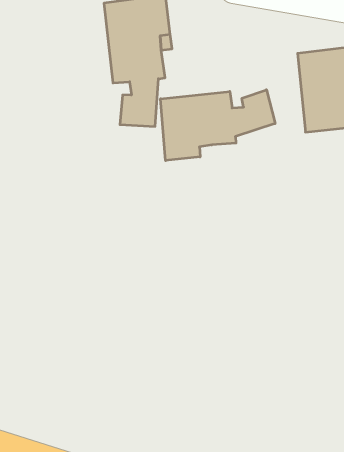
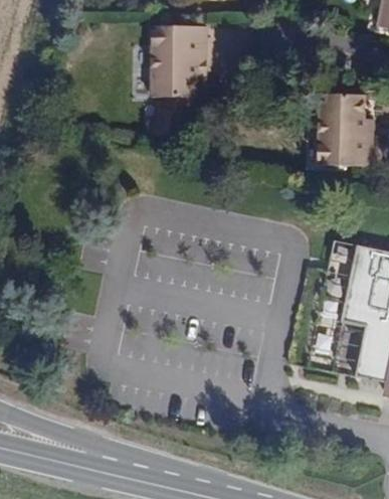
building: [161,90,275,161] -> none

